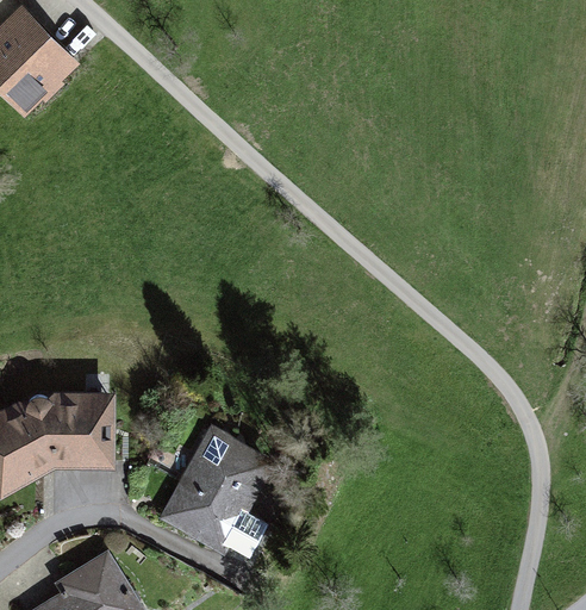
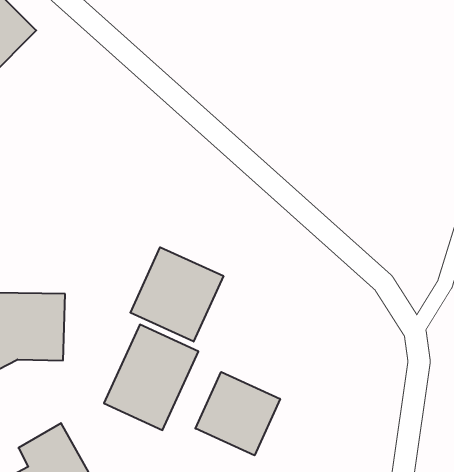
building: none -> [130,247,223,342]
building: none -> [195,372,280,455]

